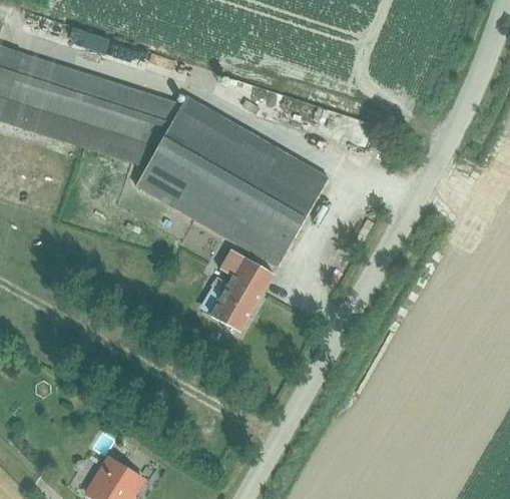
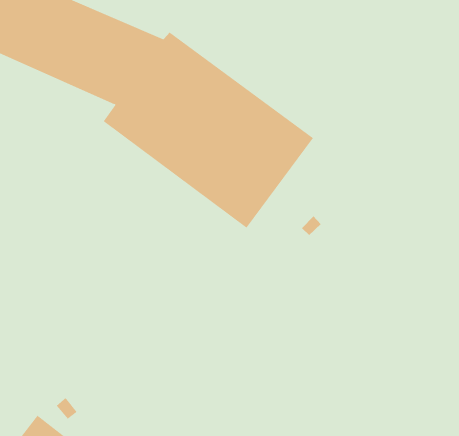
building: [211,247,274,326] -> none

